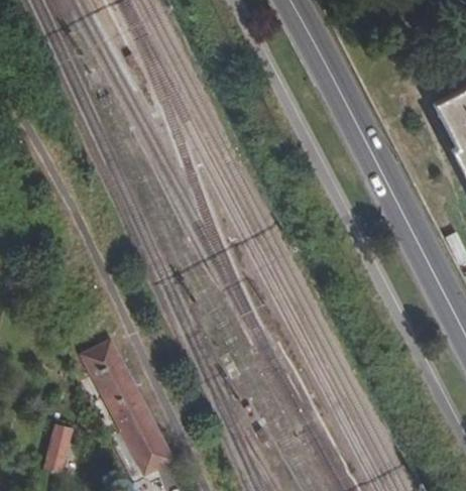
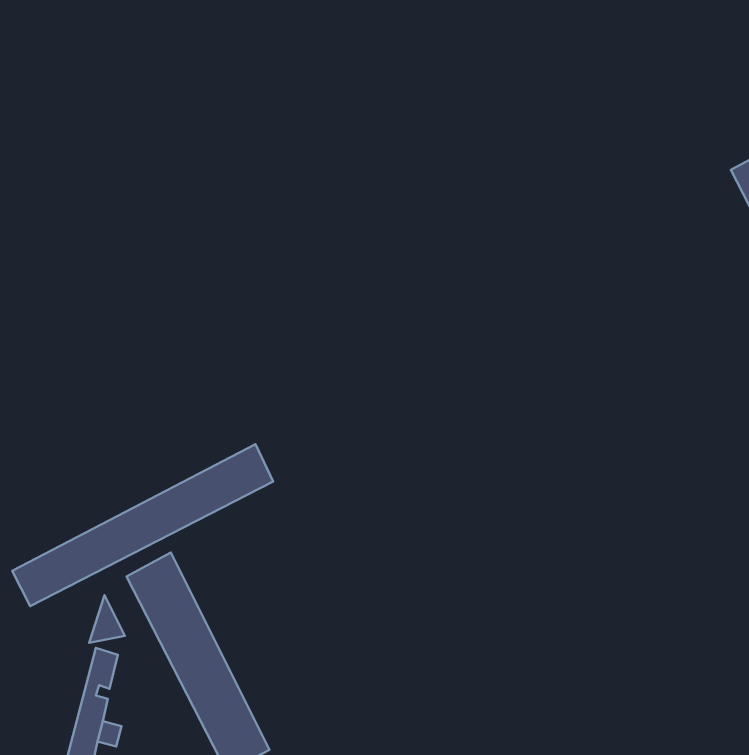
building: none -> [12,444,273,606]

